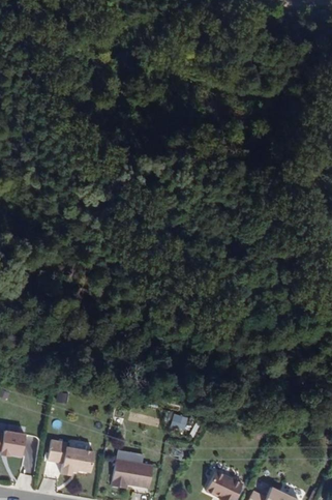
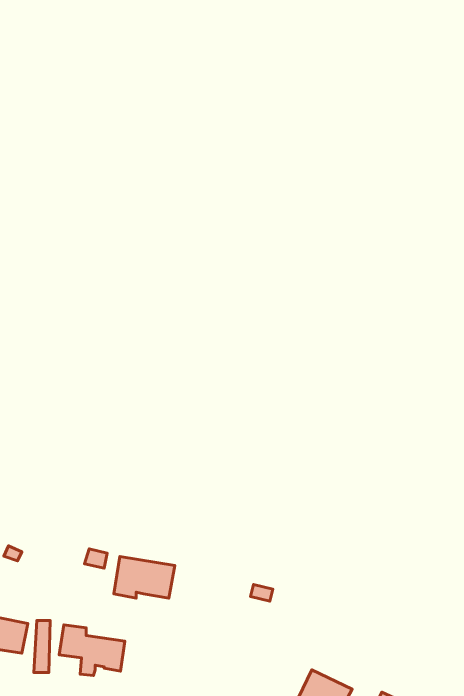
building: [111,454,153,483] -> [114,556,175,598]

